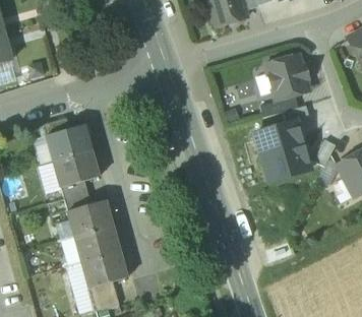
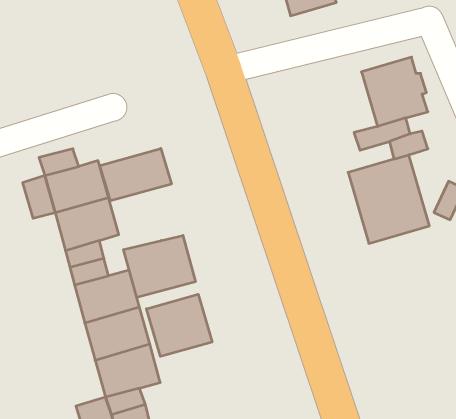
building: none -> [100,148,171,201]
building: none -> [123,235,195,298]
building: none -> [146,294,212,356]

